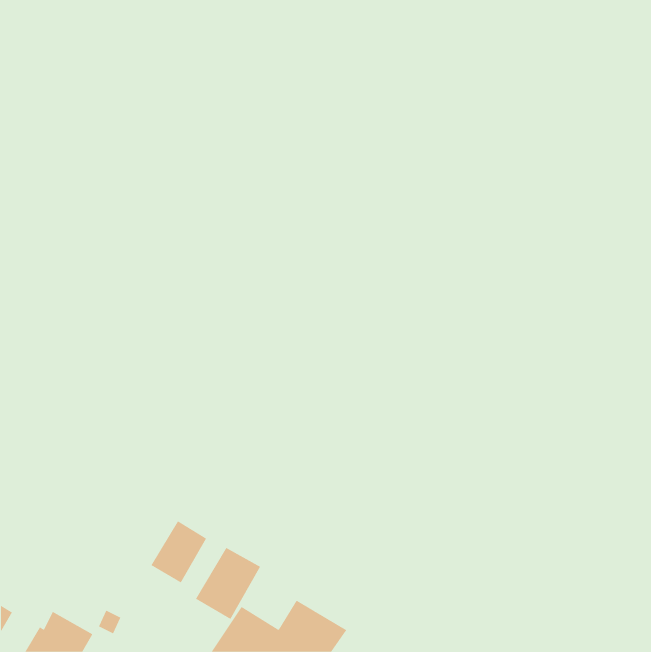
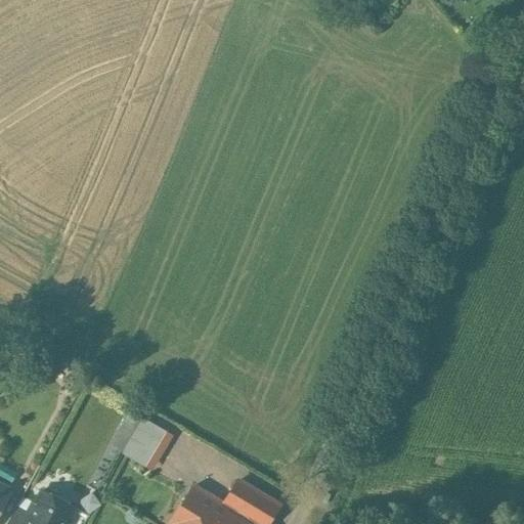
building: [195,547,261,620] -> none

